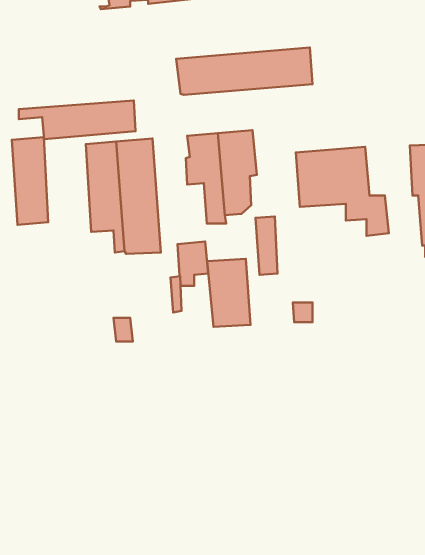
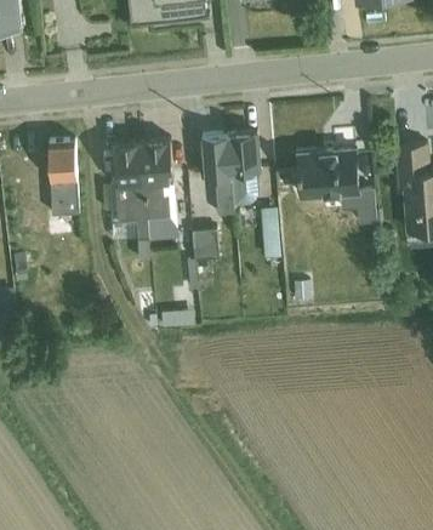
building: [176,48,313,95] -> none
building: [19,100,136,139] -> none
building: [207,259,251,327] -> none

